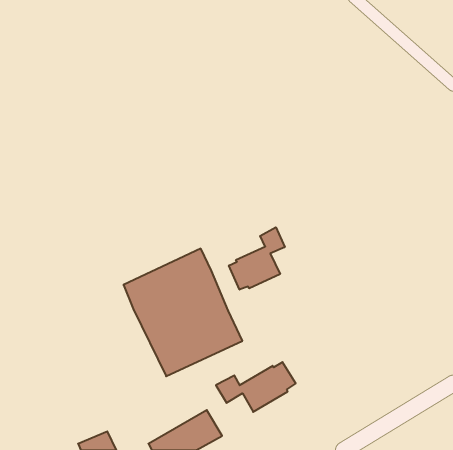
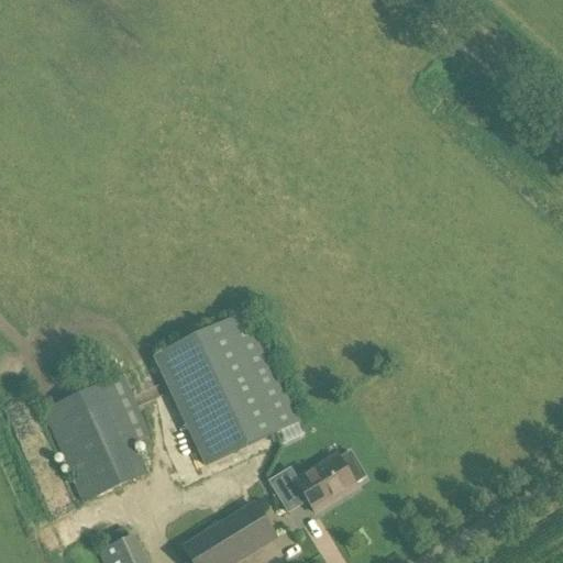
building: [229,227,285,290] -> none
building: none -> [41,372,146,503]

